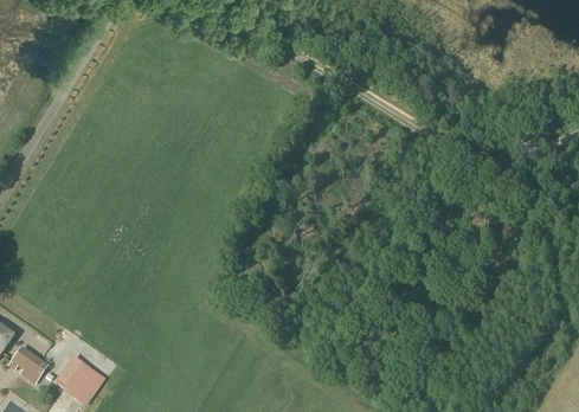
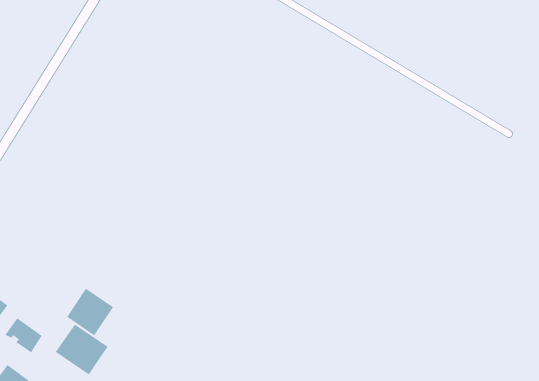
building: none -> [66,288,114,336]

